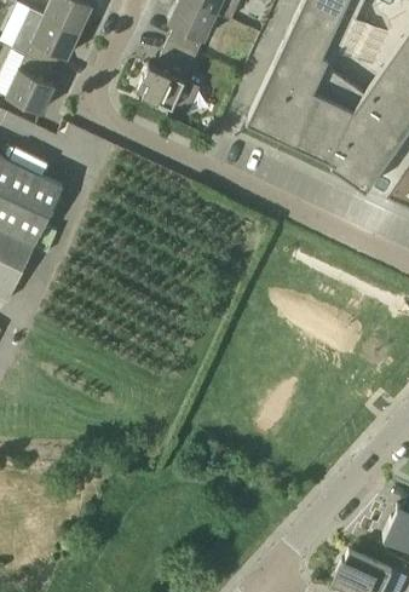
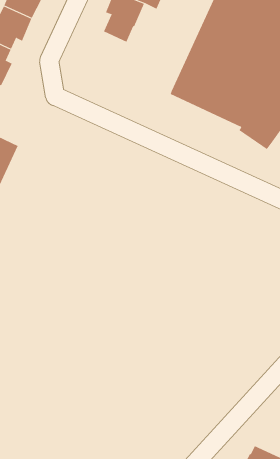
building: [136,47,198,115] -> none

